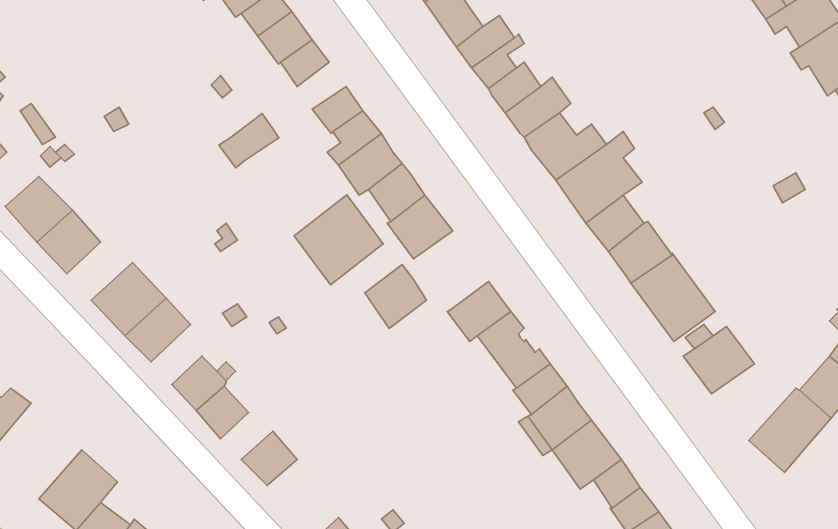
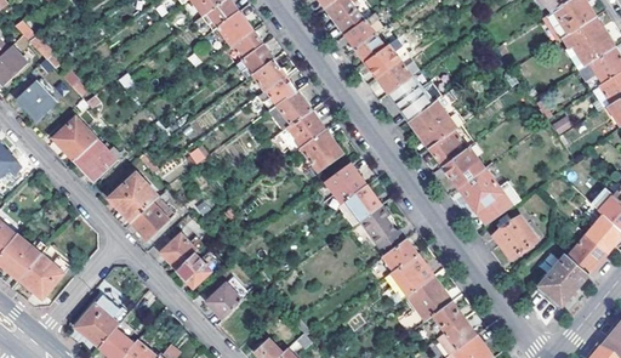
building: [219,113,279,168] -> [234,44,273,79]
building: [294,195,383,285] -> none
building: [365,265,427,328] -> [325,163,365,204]

